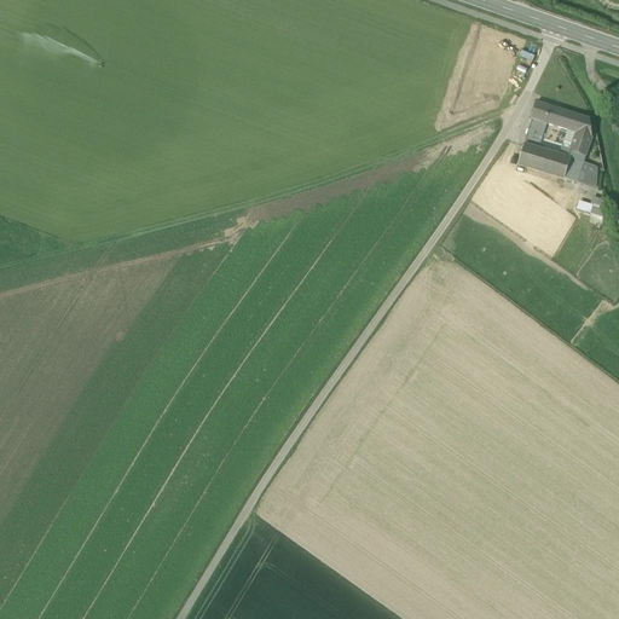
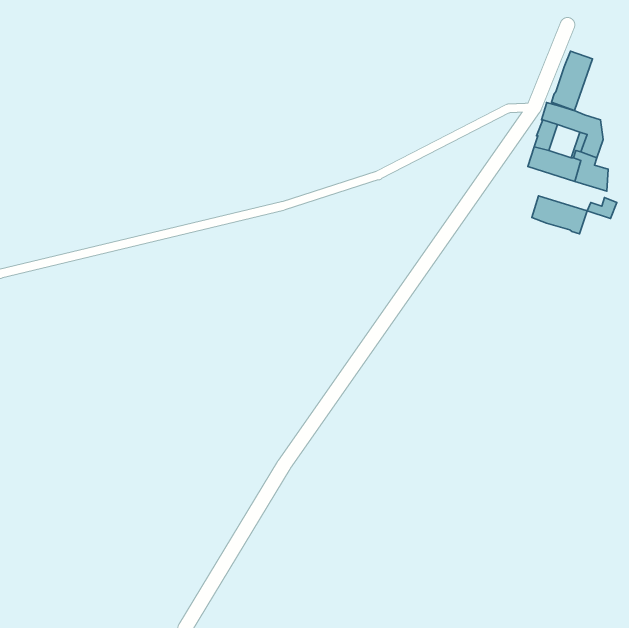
building: none -> [552,51,592,111]
building: none -> [532,196,587,234]

